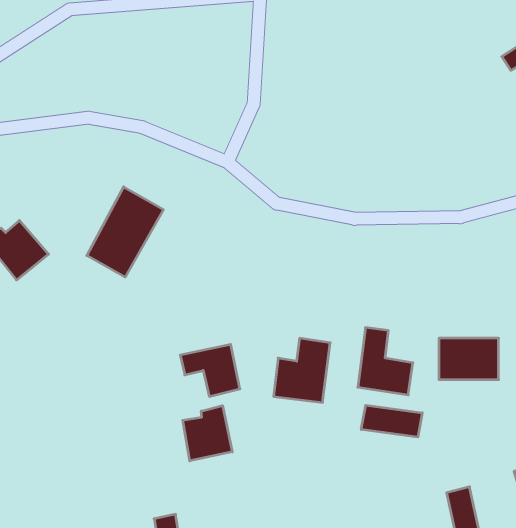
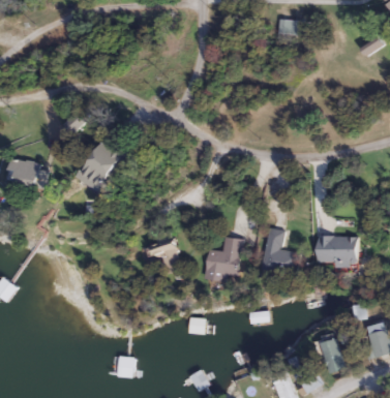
building: none -> [275,19,301,36]
building: [361,405,422,437] -> none
building: [183,406,232,461] -> none

